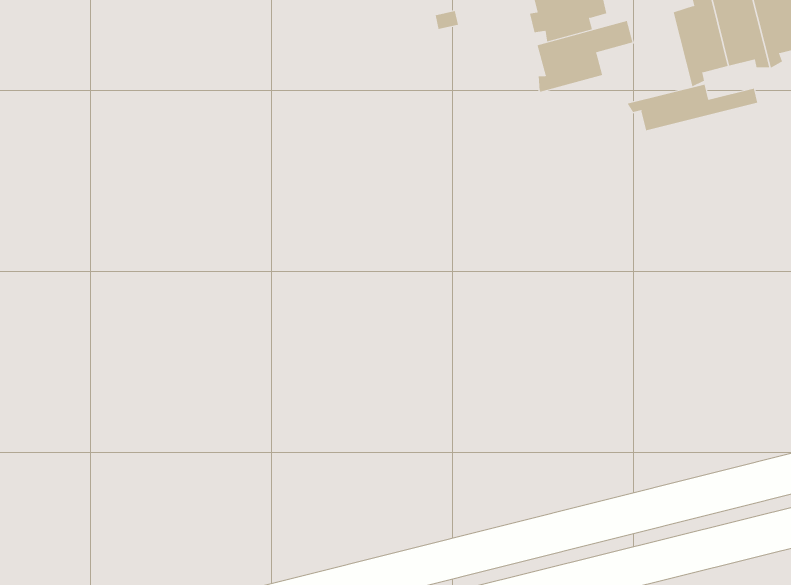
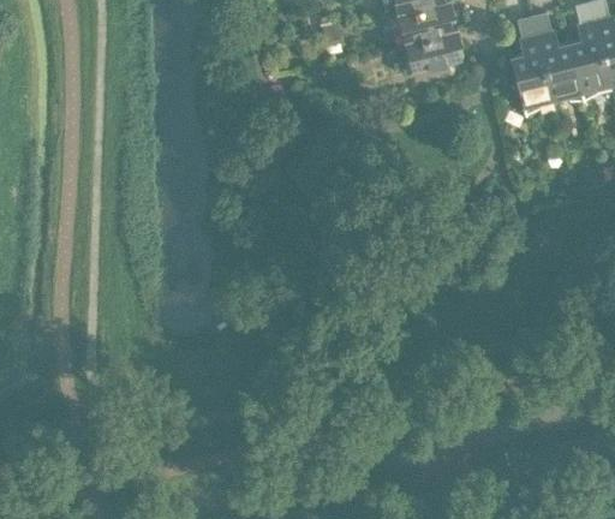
building: [537,20,633,93] -> none
building: [627,84,758,131] -> none

